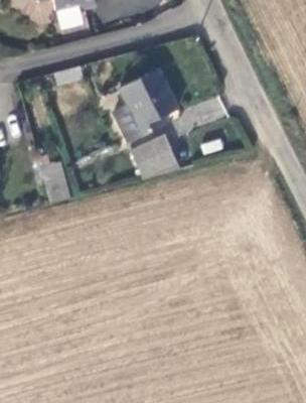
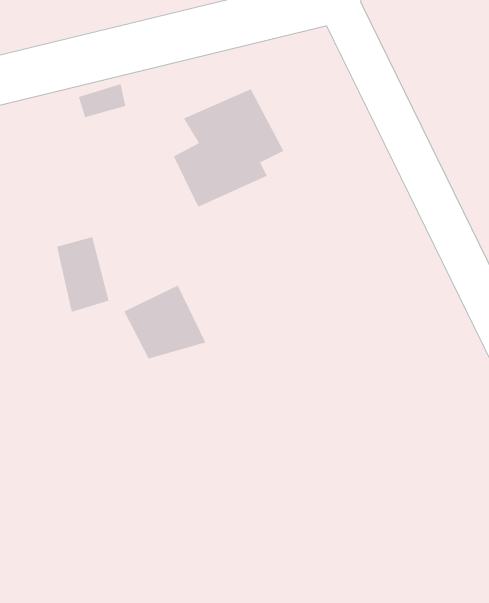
building: [131,134,181,179] -> [123,285,207,359]

